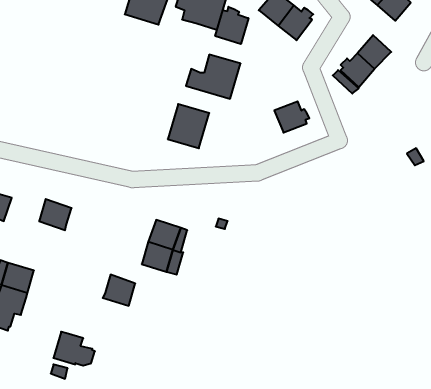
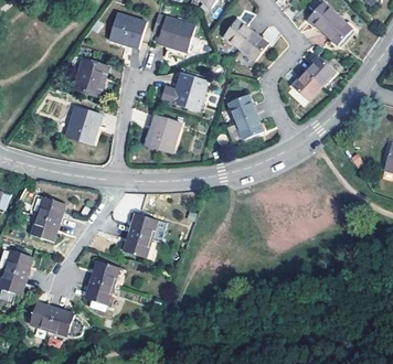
building: [215,7,248,44] -> none
building: none -> [74,58,108,96]
building: none -> [229,94,256,120]
building: none -> [66,106,102,143]
building: none -> [31,214,59,240]
building: none -> [85,279,113,311]
building: none -> [30,301,55,330]

